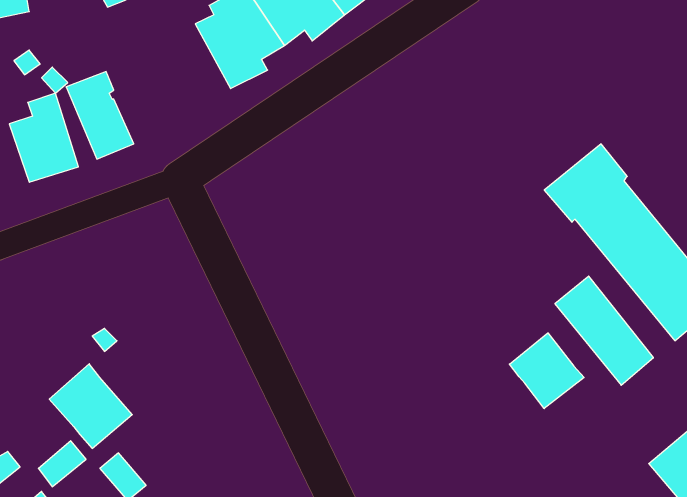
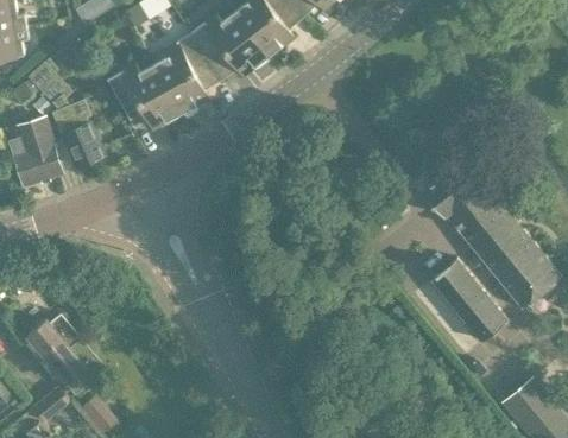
building: none -> [29,59,70,107]
building: none -> [106,64,179,129]
building: [509,333,584,409] -> none
building: none -> [24,313,70,354]

